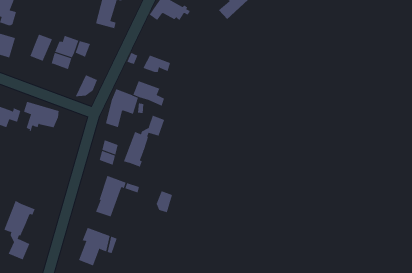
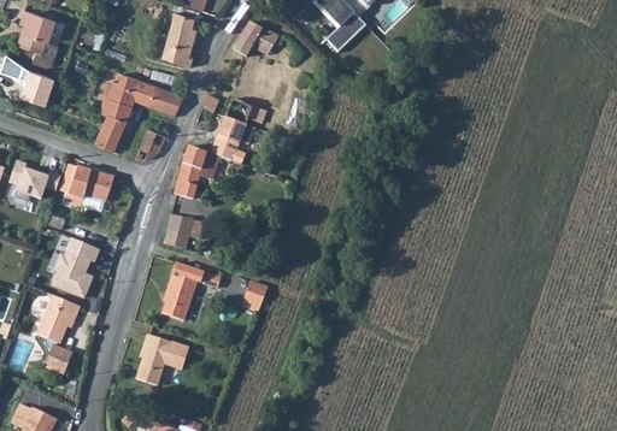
building: [30,34,53,61] -> [93,113,124,150]
building: none -> [147,85,180,112]
building: none -> [218,118,254,146]
building: [123,115,165,168] -> none
building: none -> [53,240,100,299]

